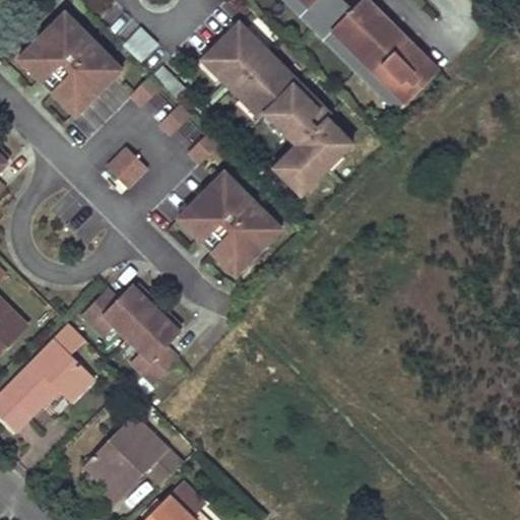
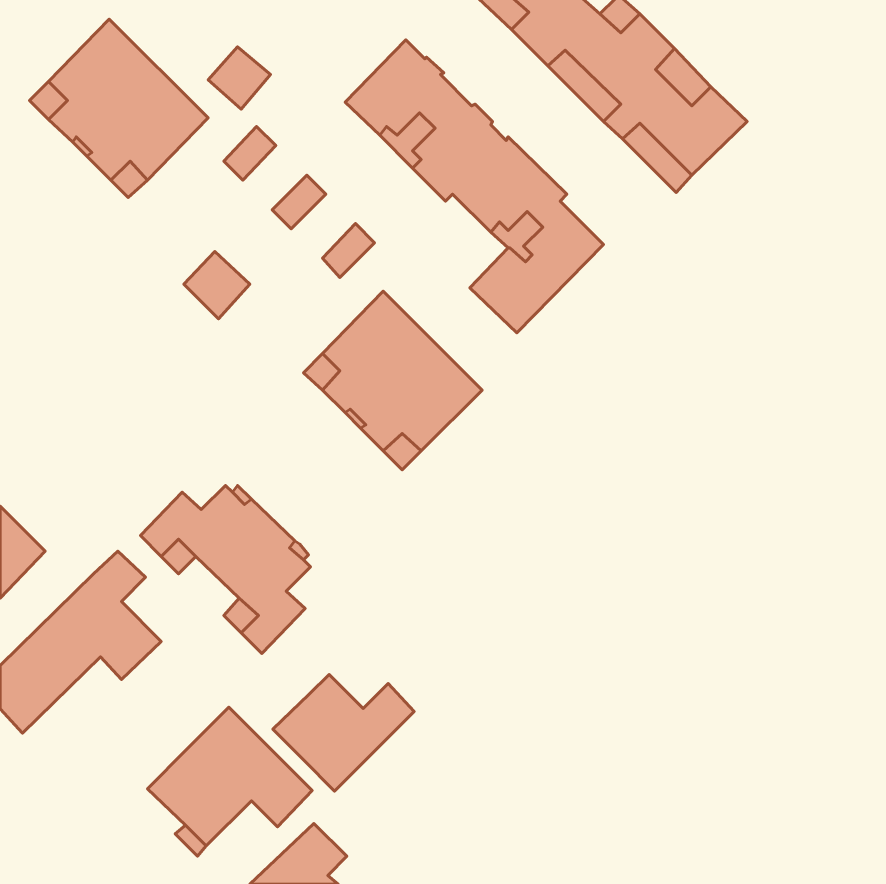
building: none -> [273,674,414,791]

